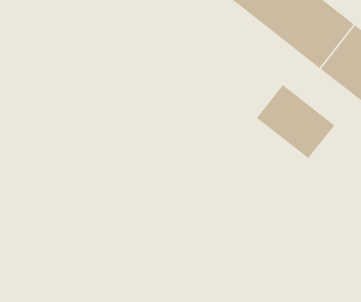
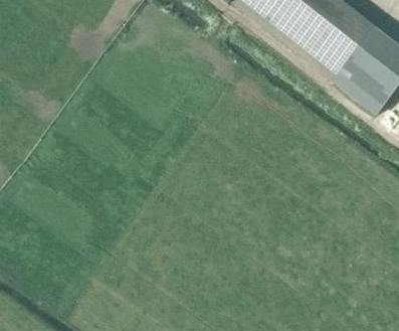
building: [256,84,335,159] -> none

